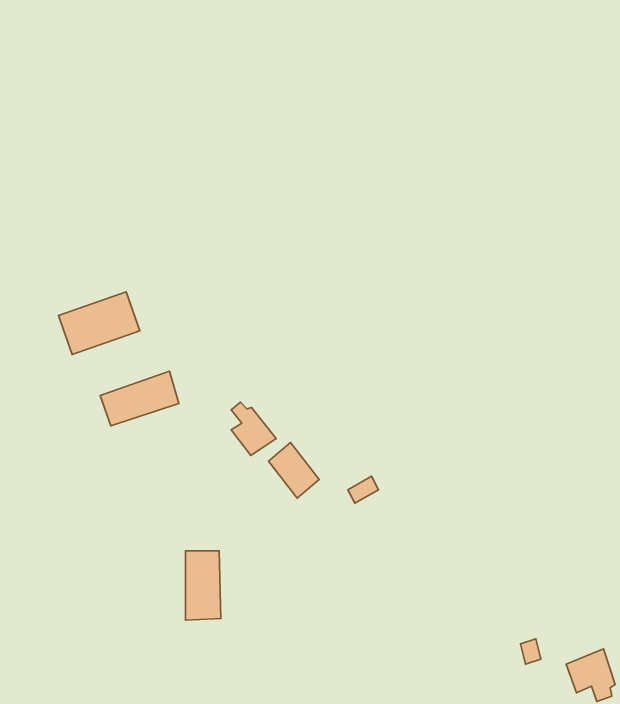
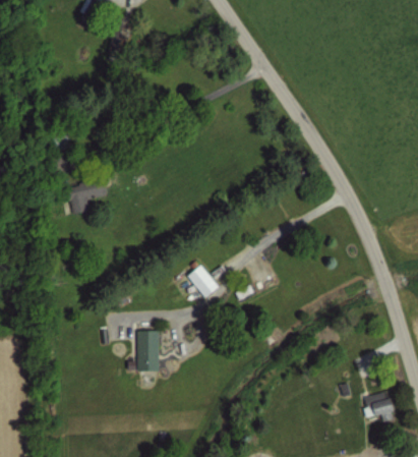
building: [100,371,179,426] -> none
building: [231,402,276,455] -> none

